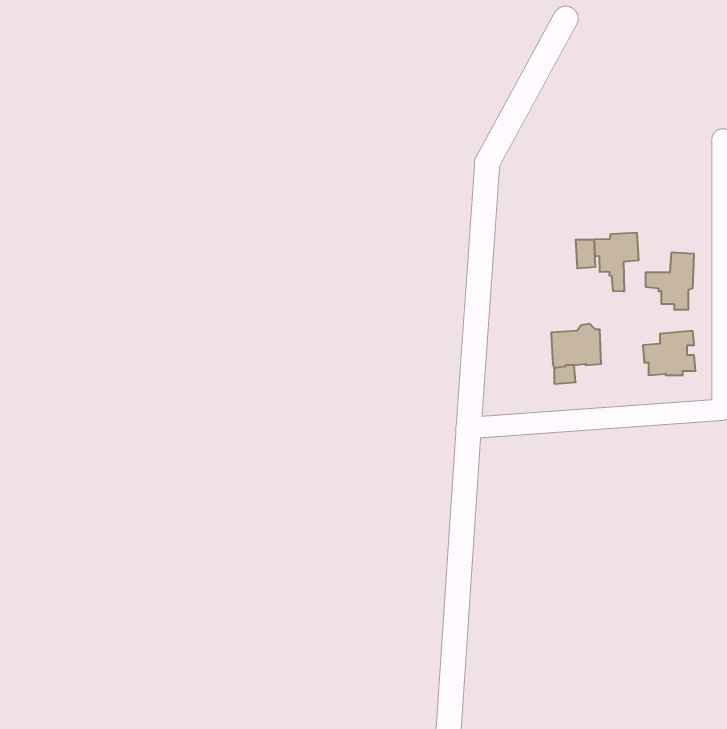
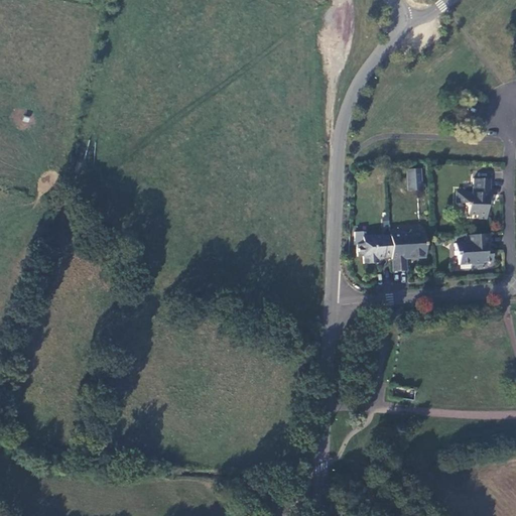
building: [595,233,639,292] -> none
building: none -> [356,232,392,263]

